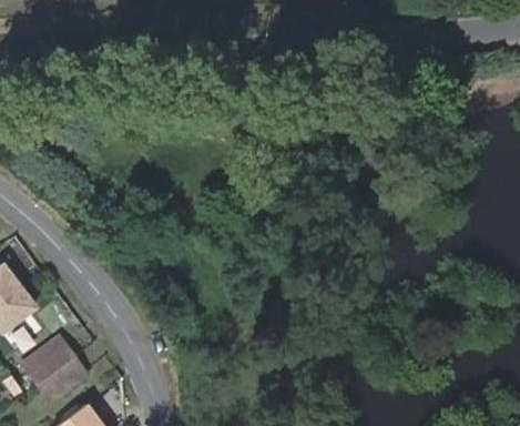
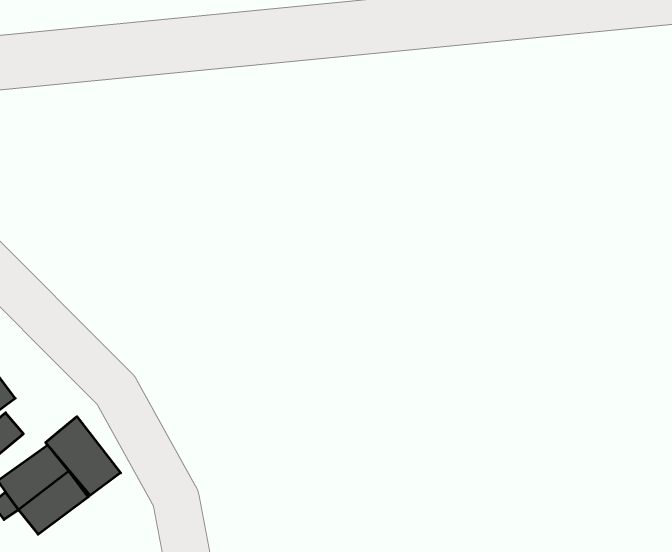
building: none -> [46,417,121,495]

